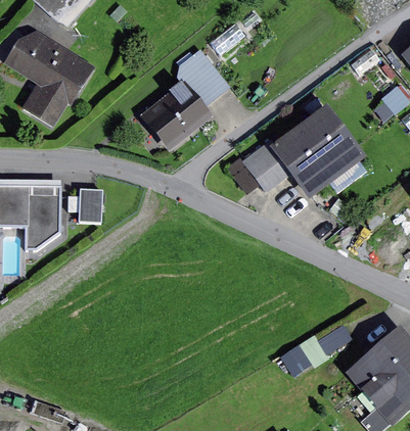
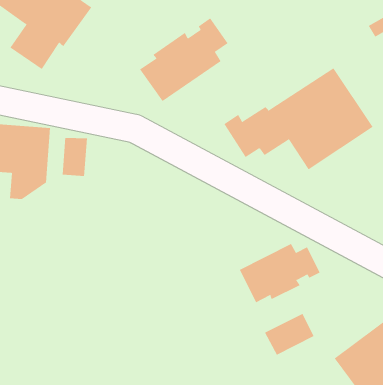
building: none -> [239,243,321,303]

